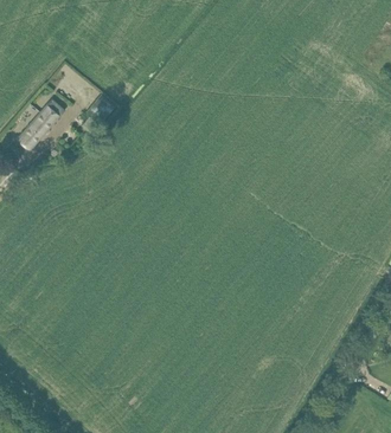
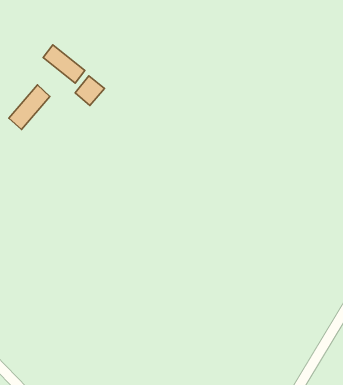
building: none -> [43,45,85,83]

